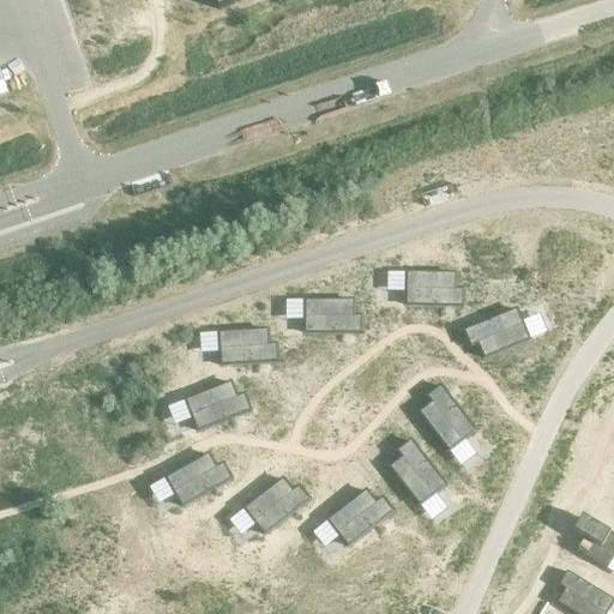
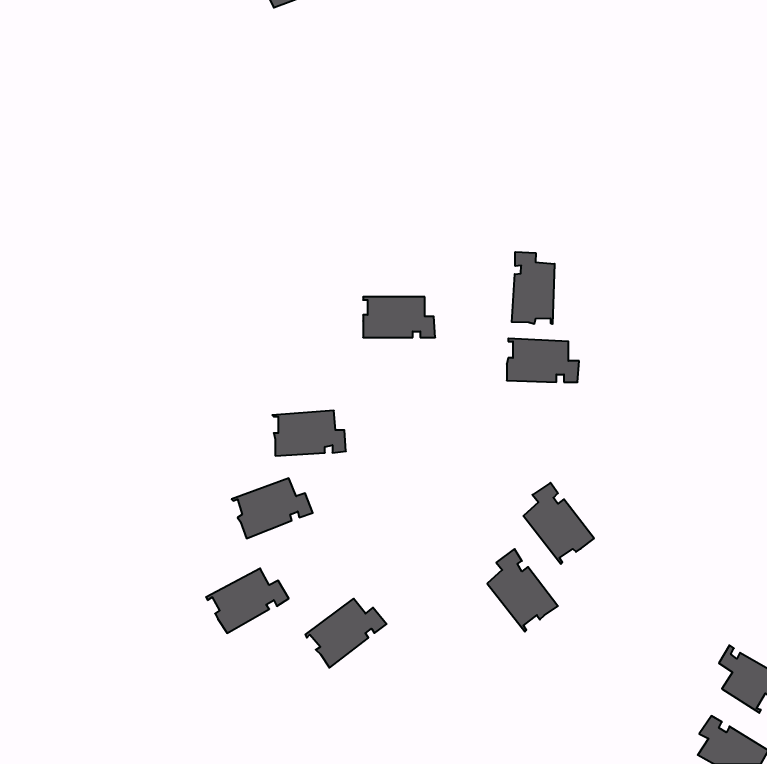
building: none -> [512,252,555,324]
building: [305,299,362,331] -> [363,297,435,337]
building: [464,307,529,356] -> none
building: [327,489,392,544] -> none

